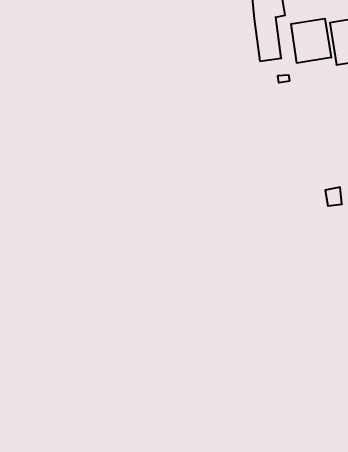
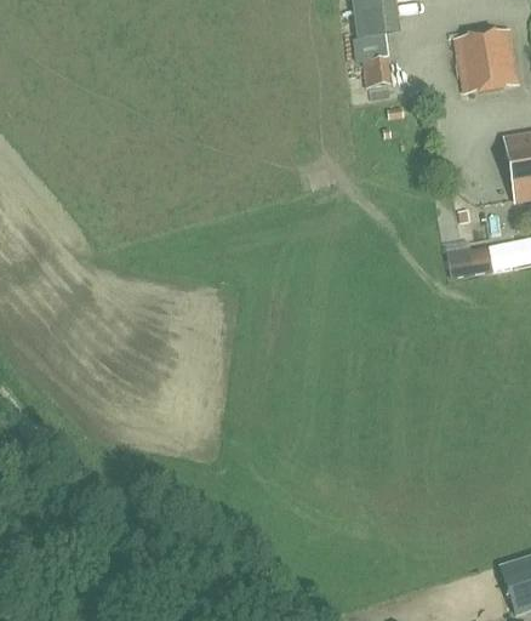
building: [291,19,331,63] -> none

